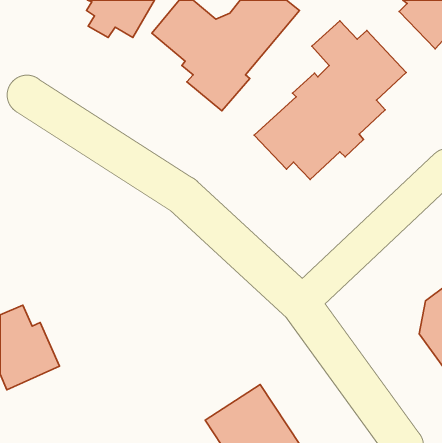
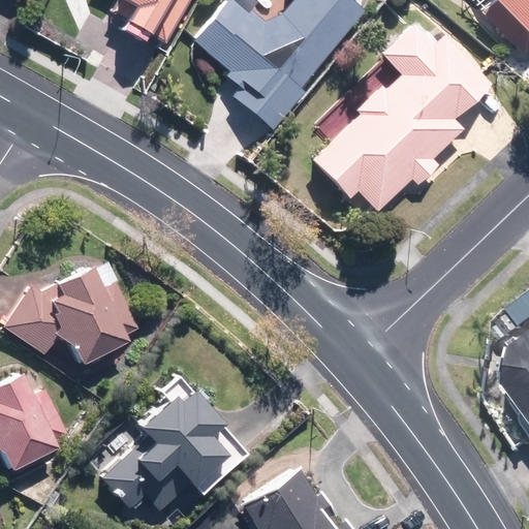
building: none -> [10,258,147,356]
building: none -> [108,380,238,509]

